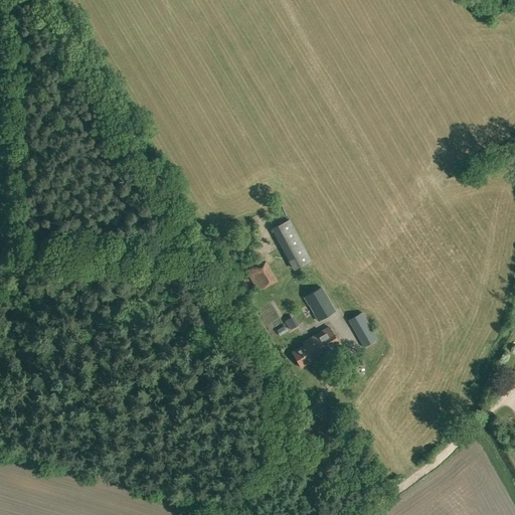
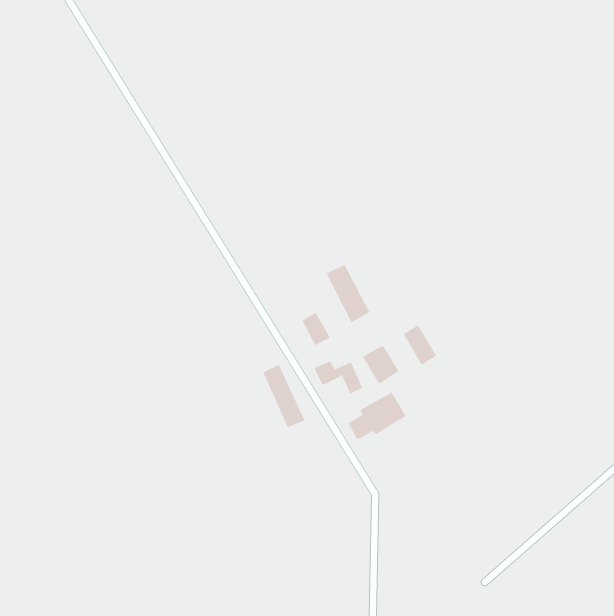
building: none -> [262,364,305,428]
building: [347,313,375,347] -> [403,324,437,365]

